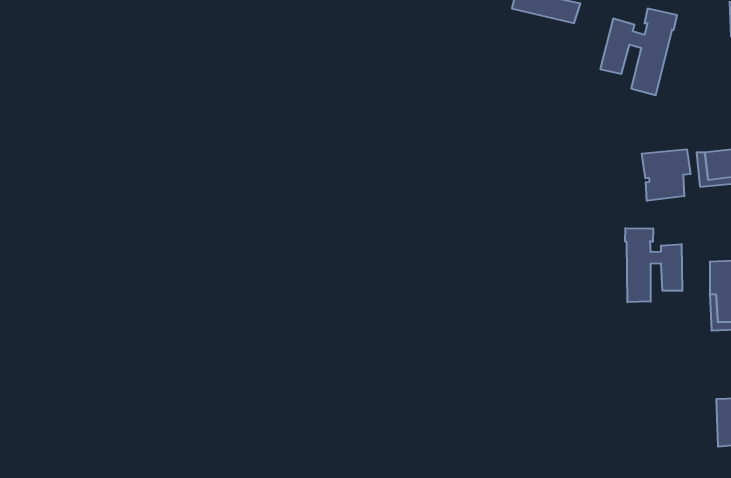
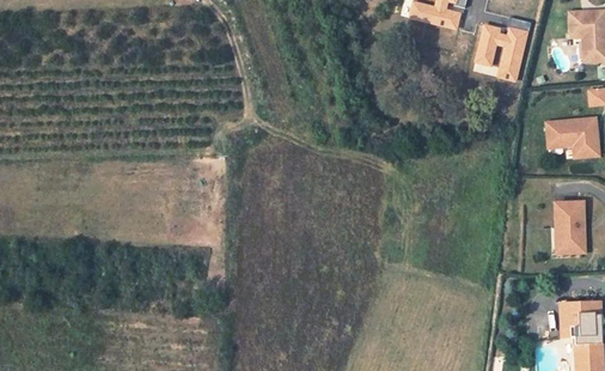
building: [642,149,691,201] -> none
building: [625,228,682,302] -> none

